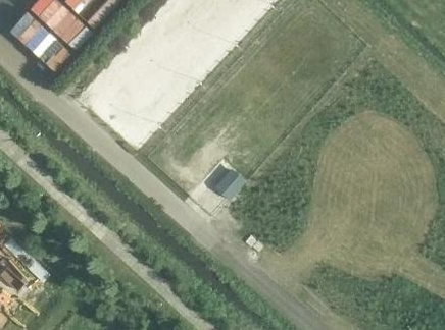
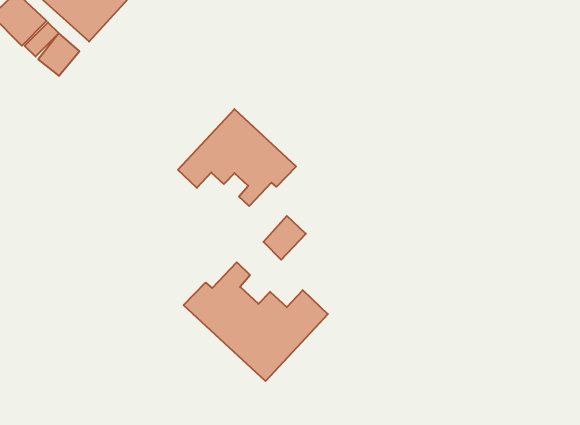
building: none -> [178,109,296,206]
building: none -> [184,262,328,381]

